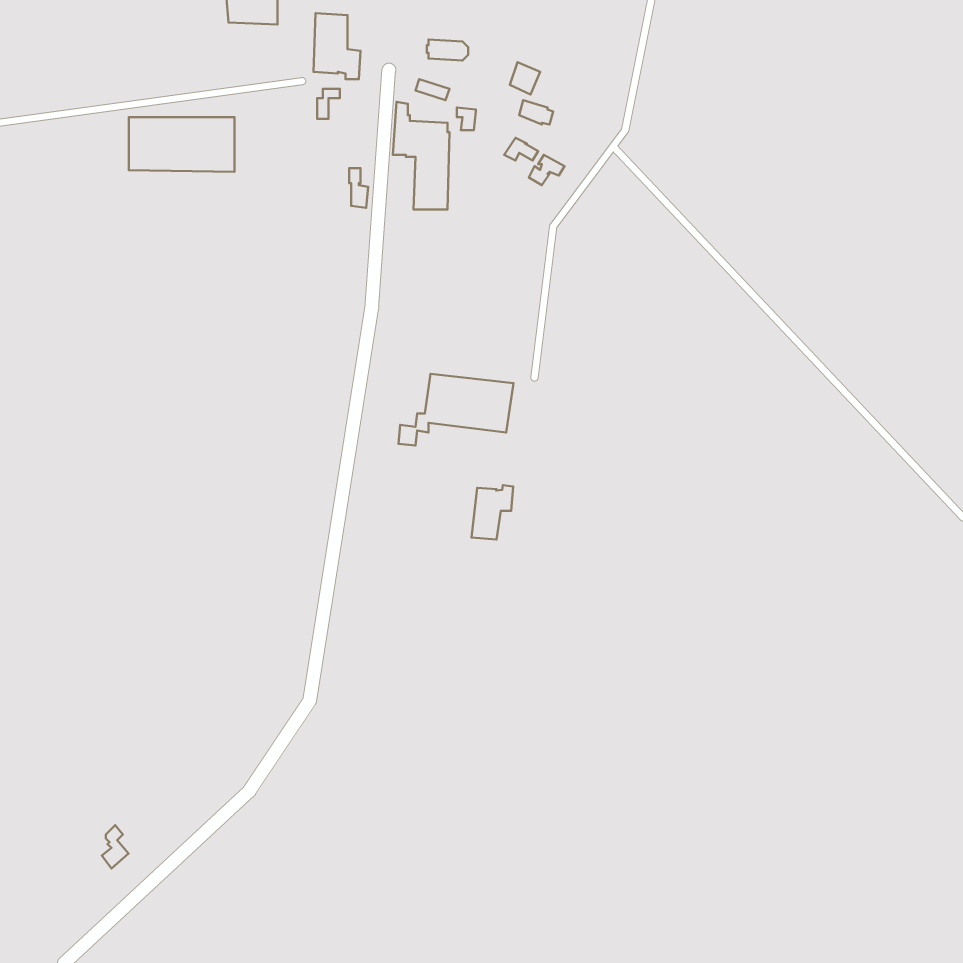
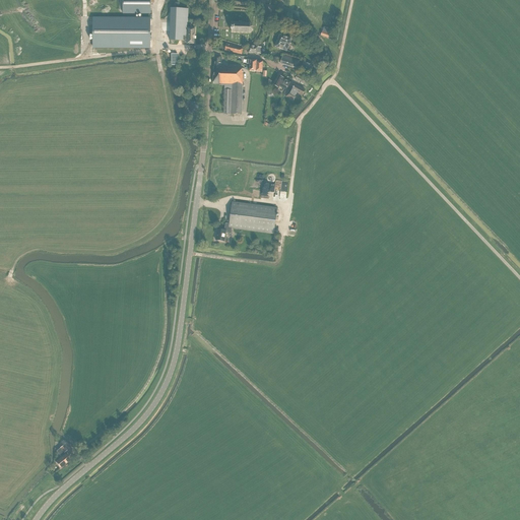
building: [129,117,234,172] -> [92,17,149,47]
building: [471,485,513,540] -> none

